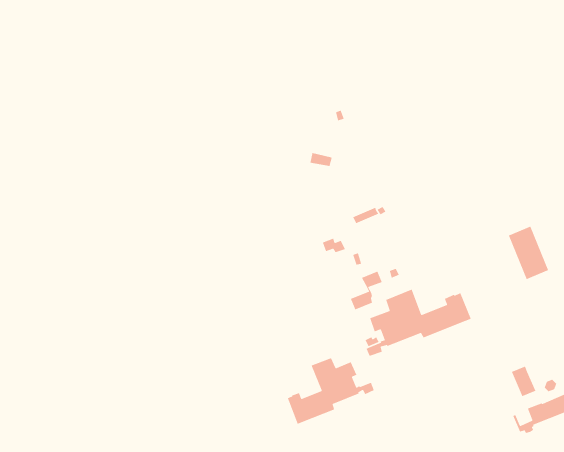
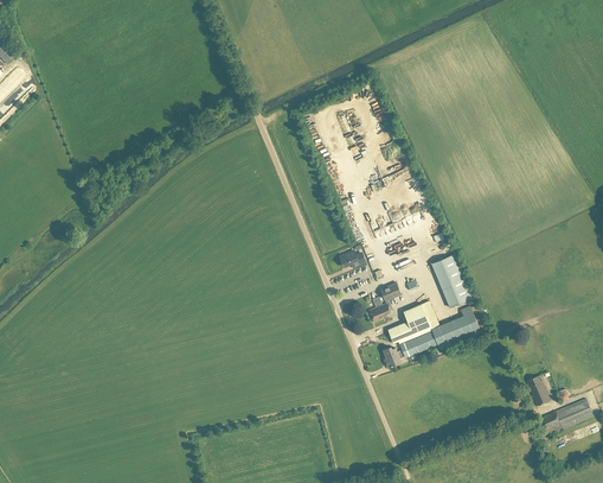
building: [508,225,549,280] -> [430,254,470,307]
building: [287,357,375,425] -> none

